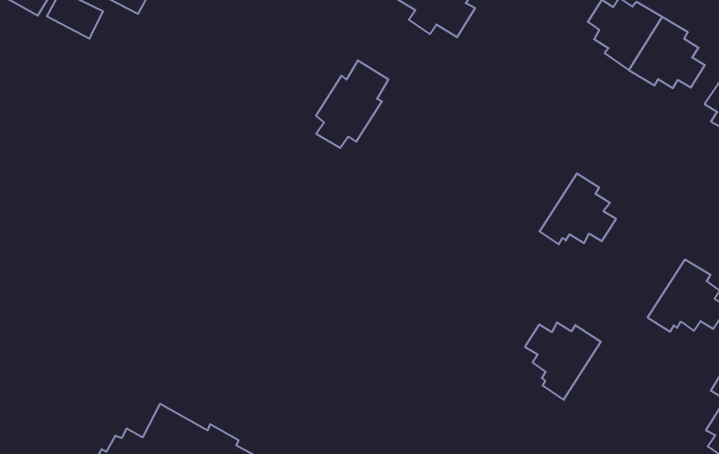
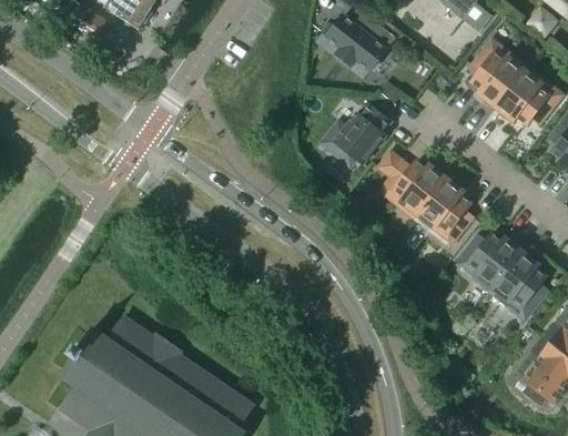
building: [316,60,389,148] -> [334,103,392,166]
building: none -> [377,150,448,220]
building: [525,322,601,400] -> [465,234,521,292]

